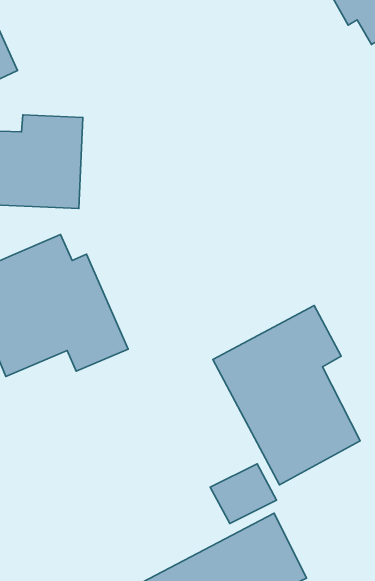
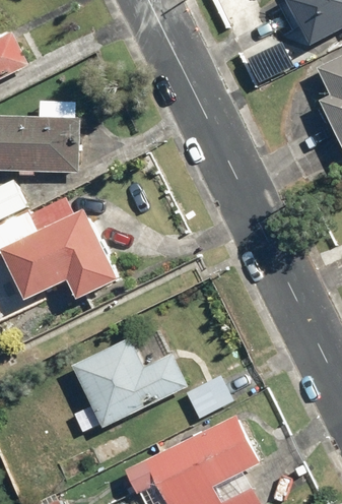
building: [213,306,360,485] -> none
building: none -> [72,336,188,432]

